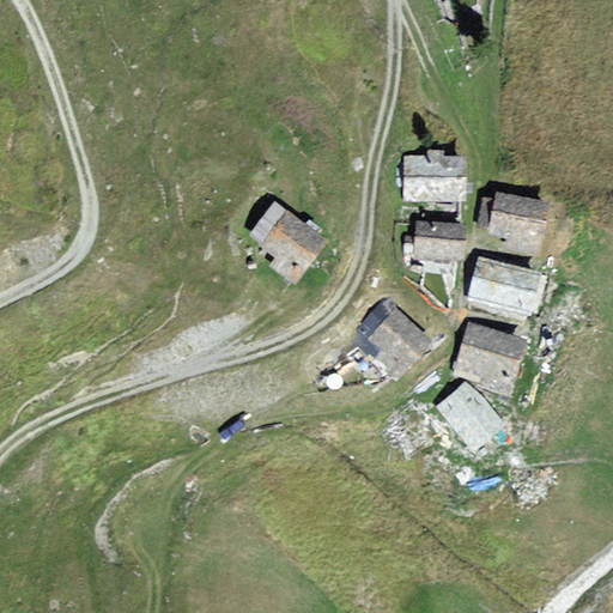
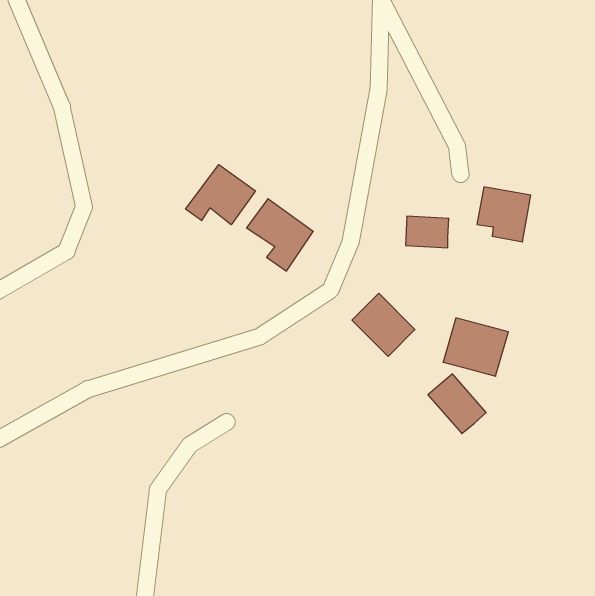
building: [406,157,462,196] -> none
building: none -> [186,165,255,225]
building: [472,256,539,306] -> none

